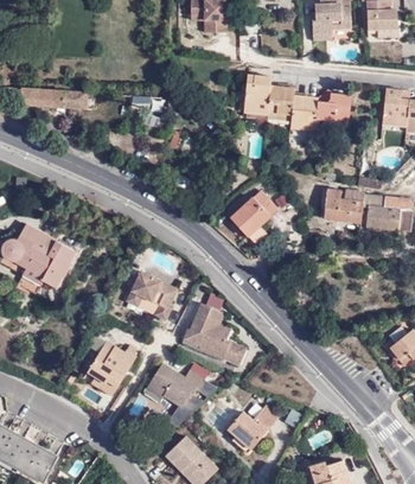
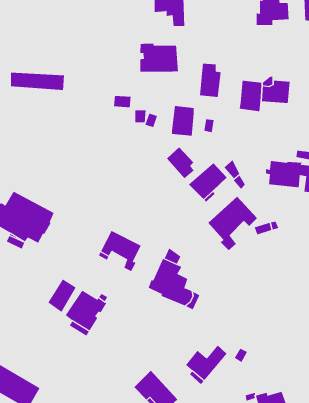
building: none -> [140,43,178,72]
building: [267,87,294,122] -> [171,106,194,136]
building: none -> [166,147,194,179]
building: none -> [207,196,258,251]
building: none -> [47,278,77,313]
building: [148,364,204,406] -> none

